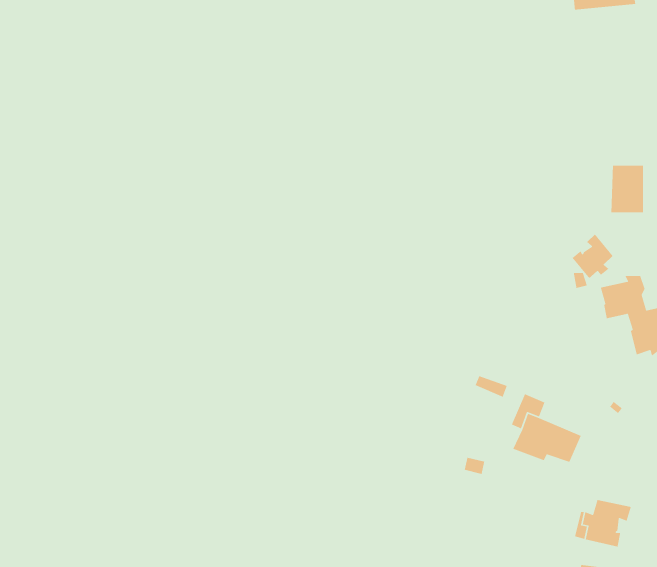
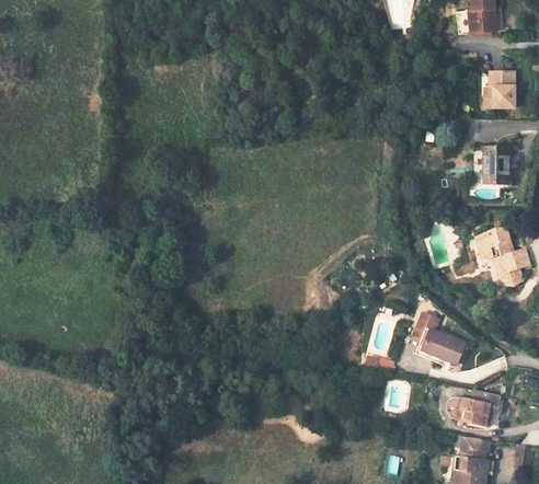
building: none -> [481,72,512,108]
building: [571,234,613,279] -> none

